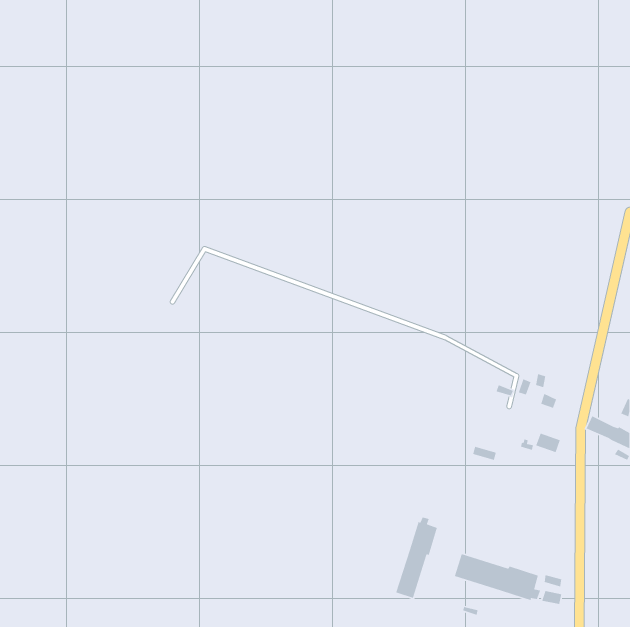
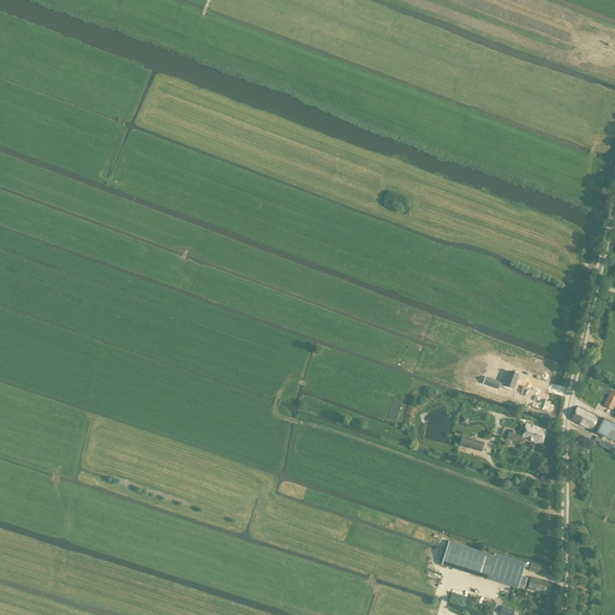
building: [395,516,438,599] -> none

